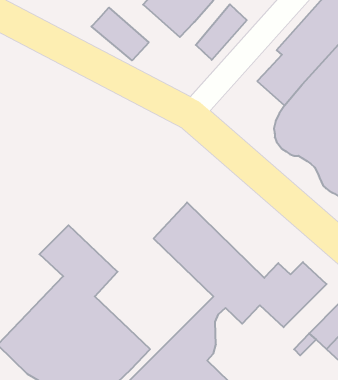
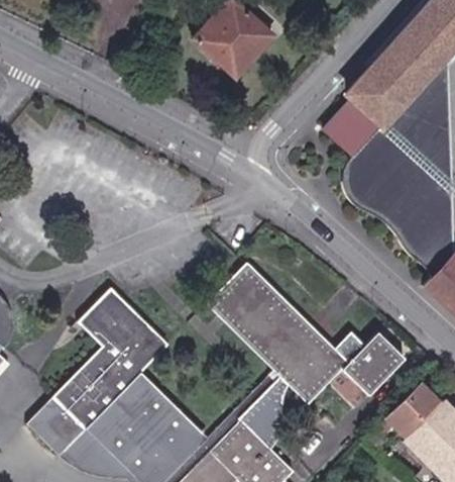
building: [196,4,247,60] -> none
building: [91,8,149,60] -> none

